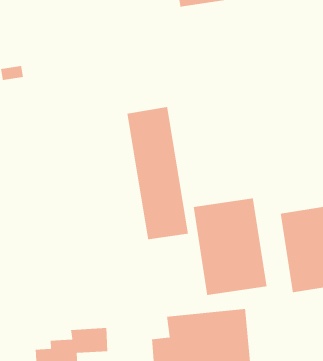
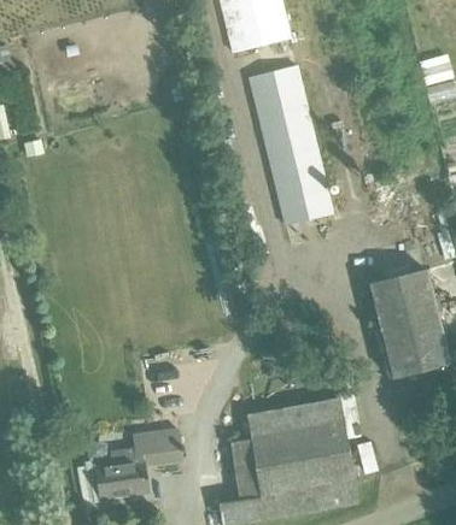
building: [126,106,189,240] -> [250,65,334,224]
building: [193,197,267,296] -> none

